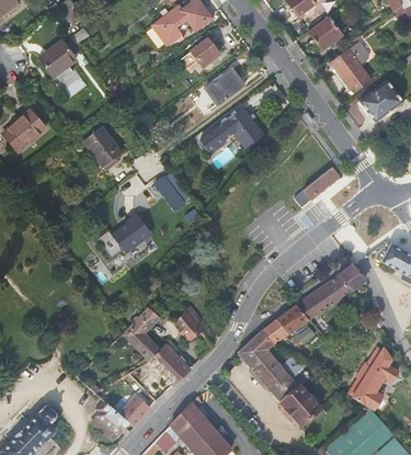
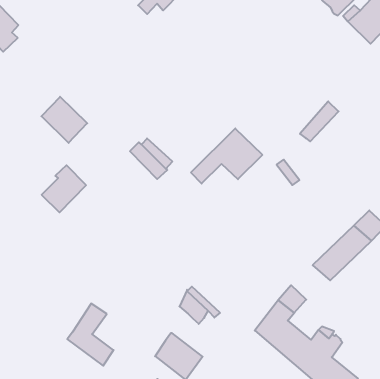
building: [204,70,243,106] -> none
building: [199,109,263,152] -> [191,128,262,184]
building: [112,214,151,253] -> [42,165,86,212]
building: [275,305,309,335] -> none
building: [122,307,160,362] -> [67,304,114,366]

